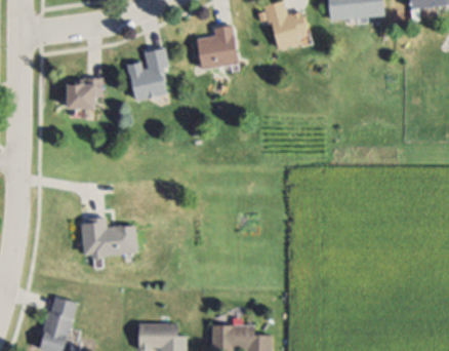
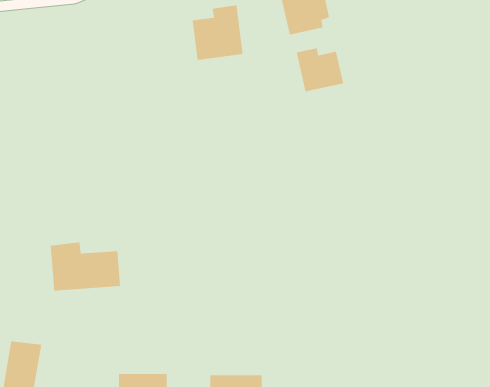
building: [128,48,171,102] -> none
building: none -> [296,48,344,92]
building: [69,79,101,109] -> none

